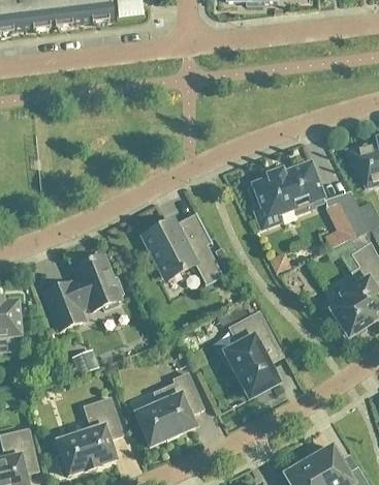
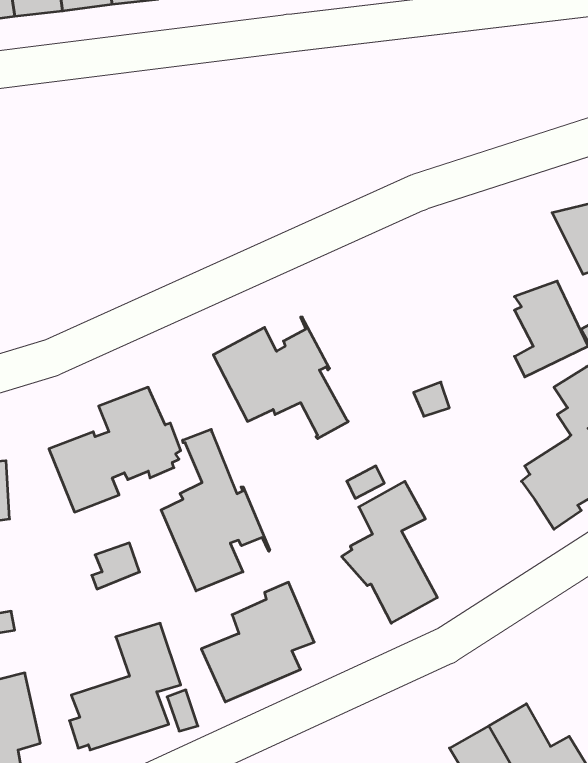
building: [250,160,325,226] -> none
building: none -> [161,429,270,591]

